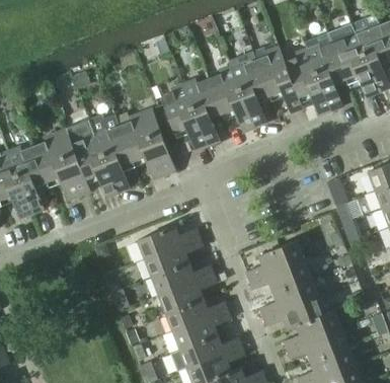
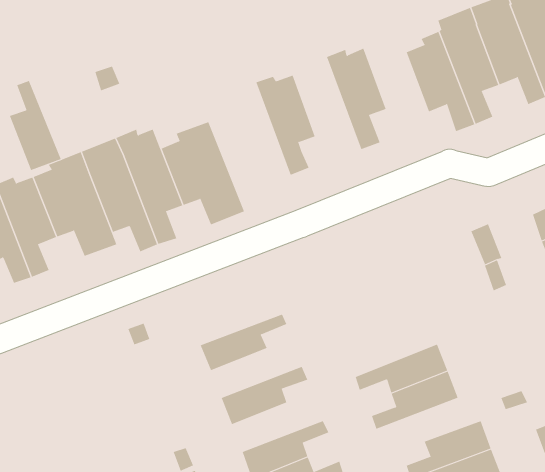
building: [255,47,302,113] -> none
building: [208,65,253,132] -> none
building: none -> [9,80,61,171]
building: [160,82,206,150] -> none
building: [138,225,201,259] -> none
building: [246,240,305,281] -> none
building: [152,261,214,295] -> none
building: [263,295,334,328] -> none
building: [166,298,228,331] -> none

